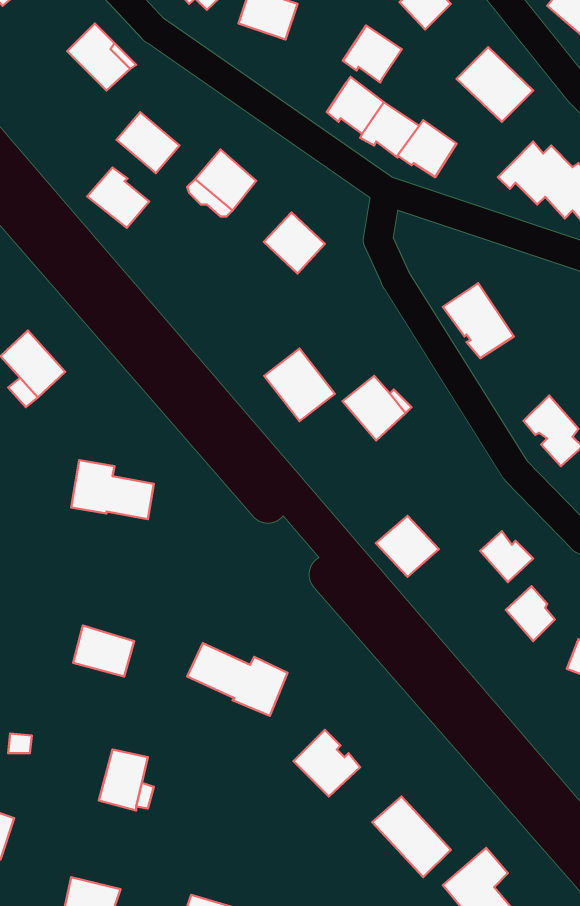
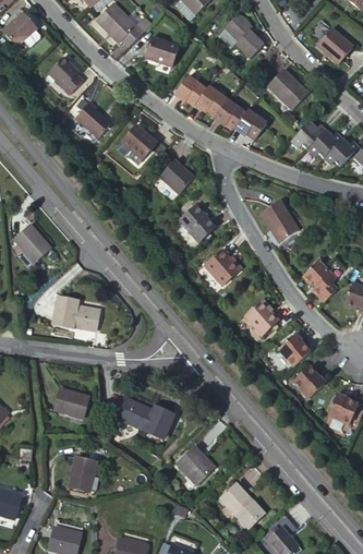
building: [343,25,402,82] -> [173,74,206,106]
building: [87,168,149,228] -> none
building: [264,348,335,421] -> [179,204,218,244]
building: [376,516,439,577] -> [244,300,279,334]

